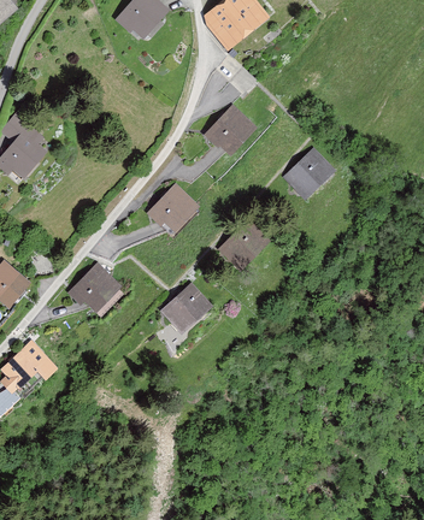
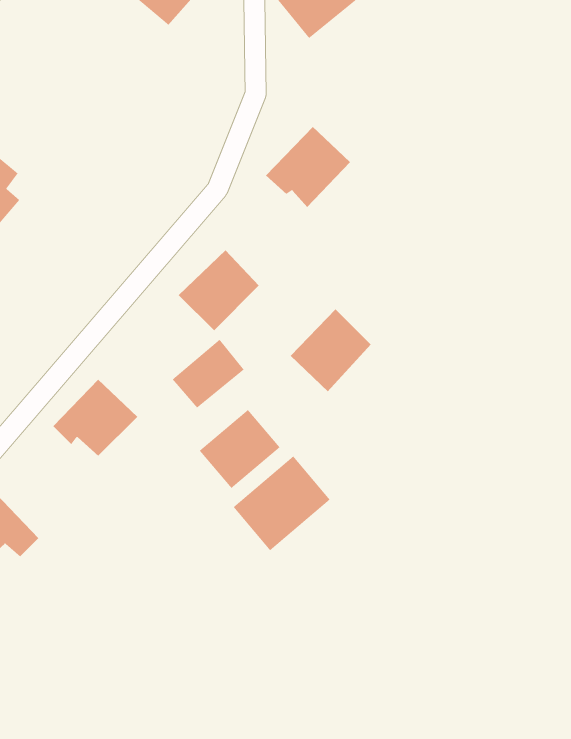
building: [284,150,334,200] -> none
building: none -> [172,339,244,409]
building: none -> [233,456,331,551]

